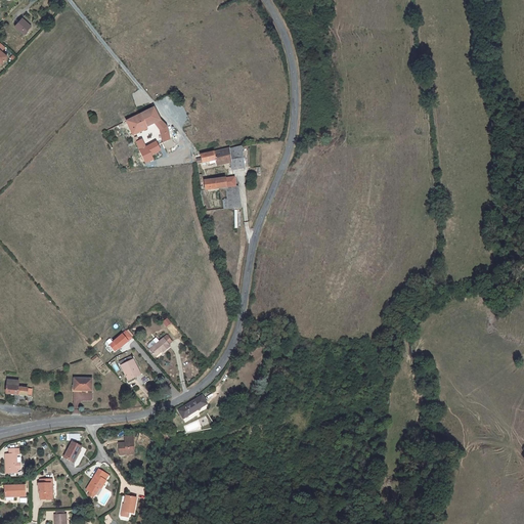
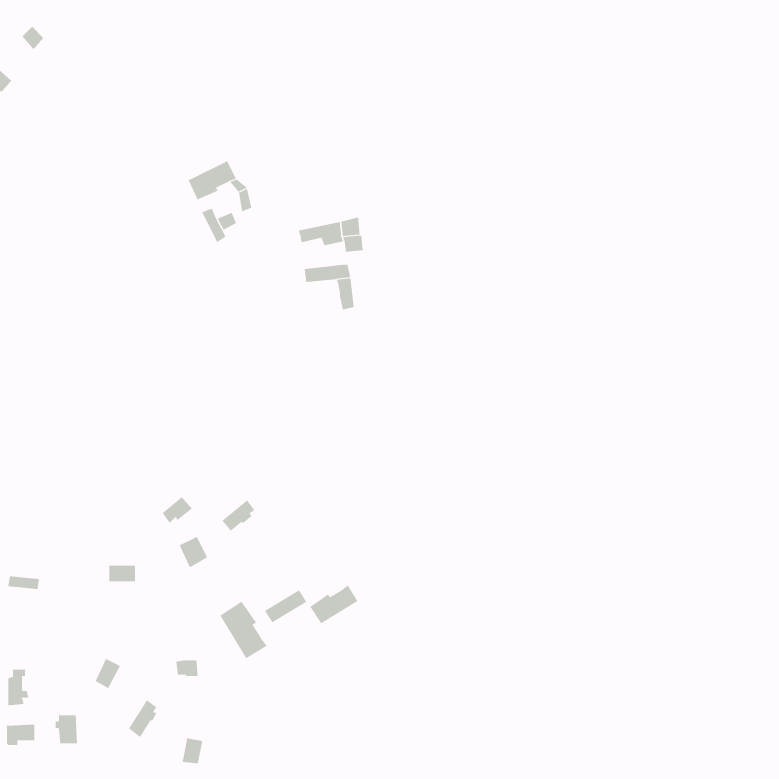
building: none -> [309,585,358,624]
building: none -> [220,601,267,659]

